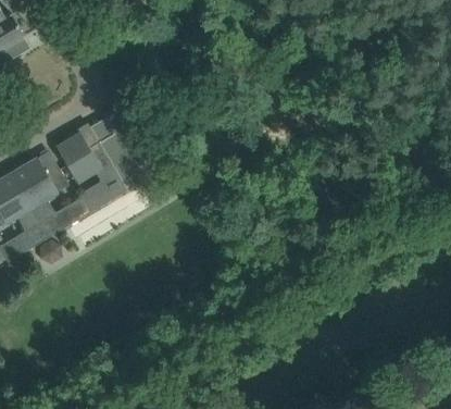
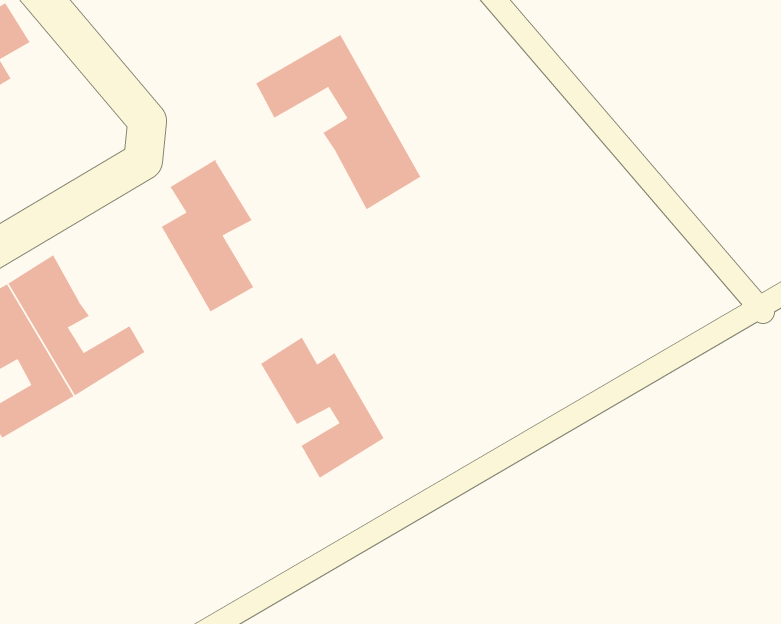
building: none -> [256,34,421,210]
building: [51,135,122,215] -> [260,337,385,479]

